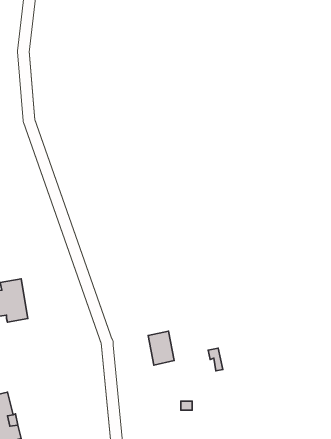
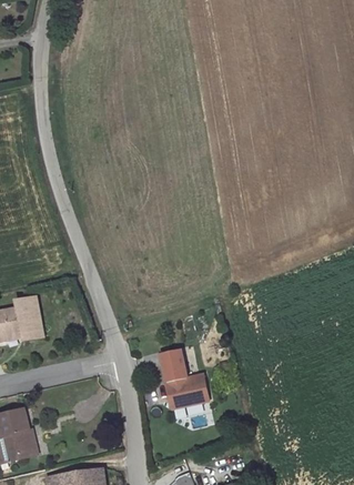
building: none -> [165,374,208,408]

